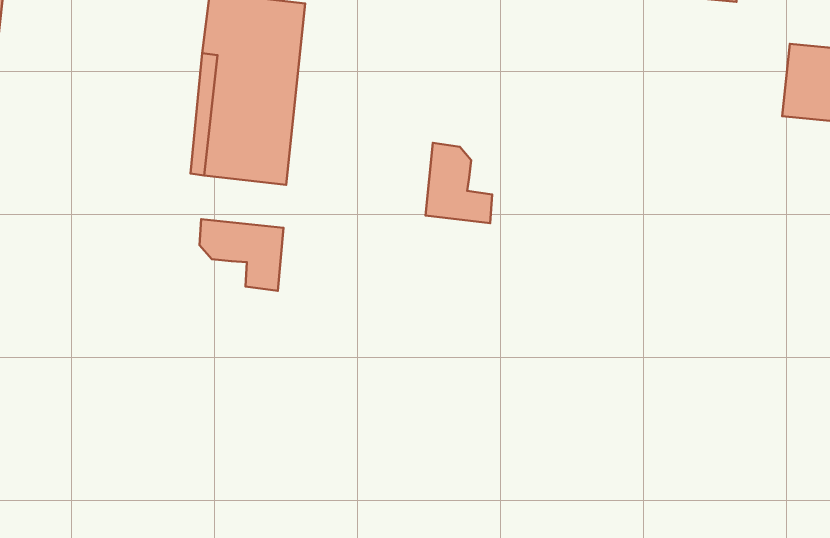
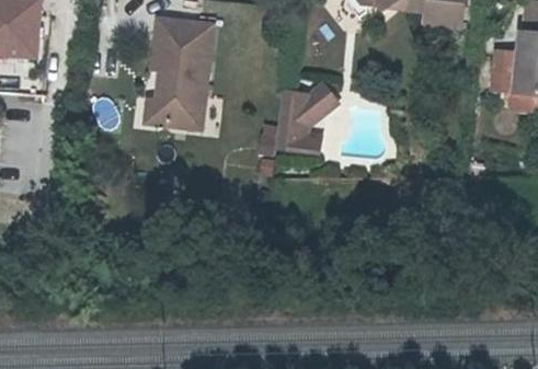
building: none -> [287,85,337,127]
building: [199,219,283,291] -> none

